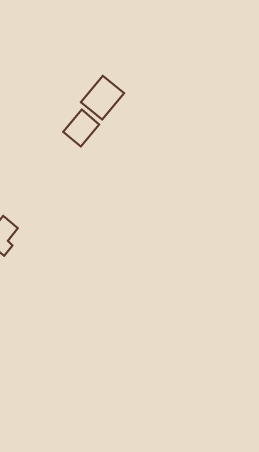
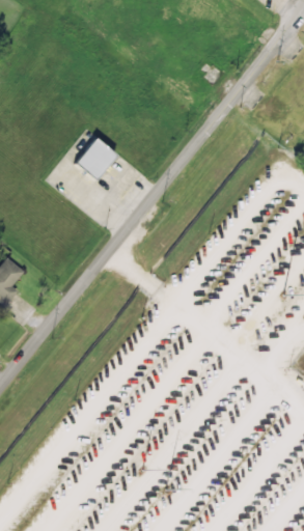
building: [81,76,124,120] -> none

